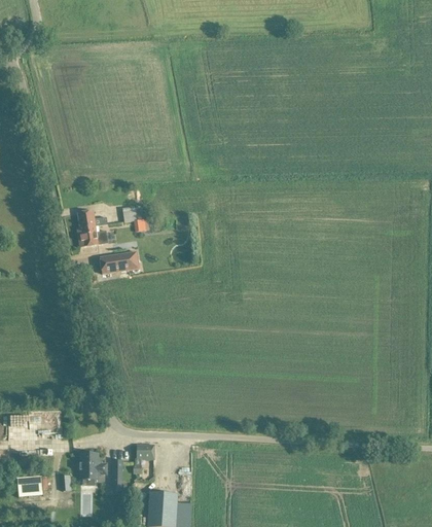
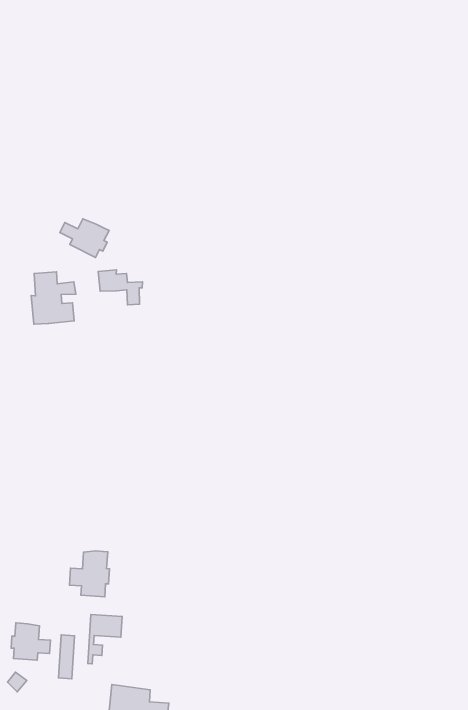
building: none -> [60,219,109,257]
building: [100,251,139,274] -> none
building: none -> [69,551,110,597]

